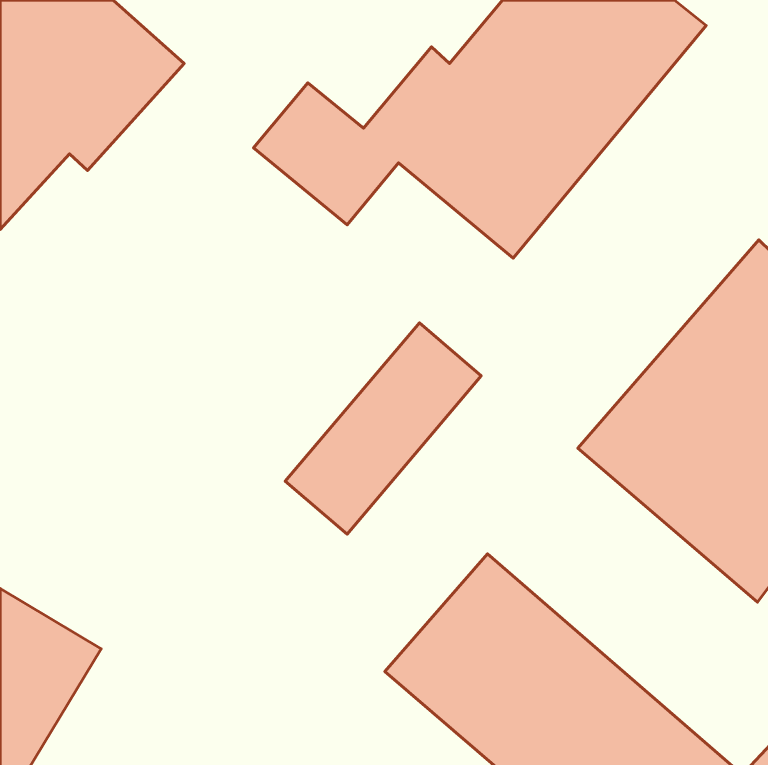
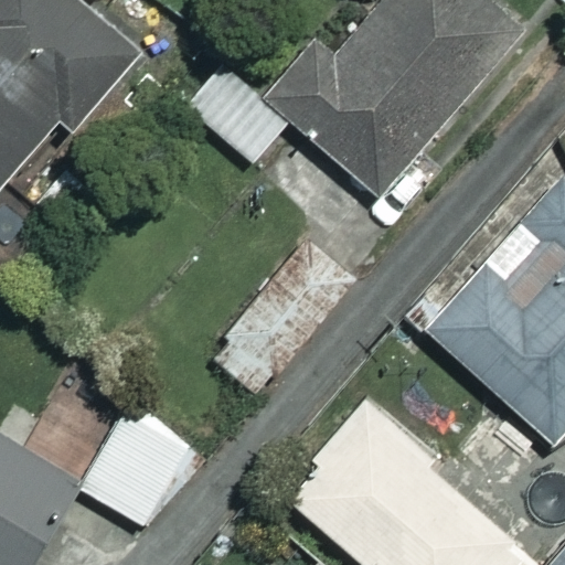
building: none -> [78,406,200,531]

